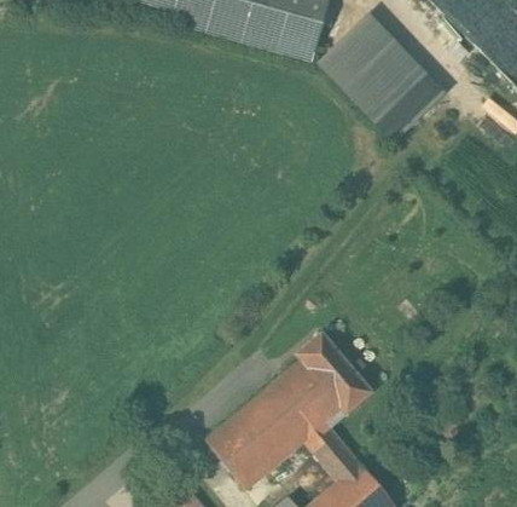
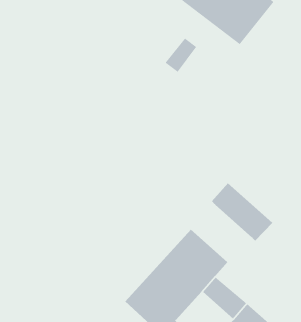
building: none -> [165,37,197,73]
building: [297,334,371,413] -> [211,183,273,242]

